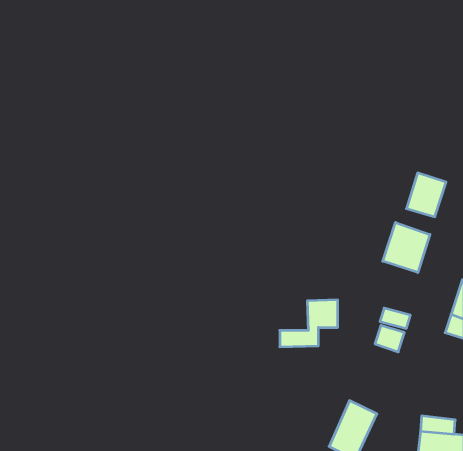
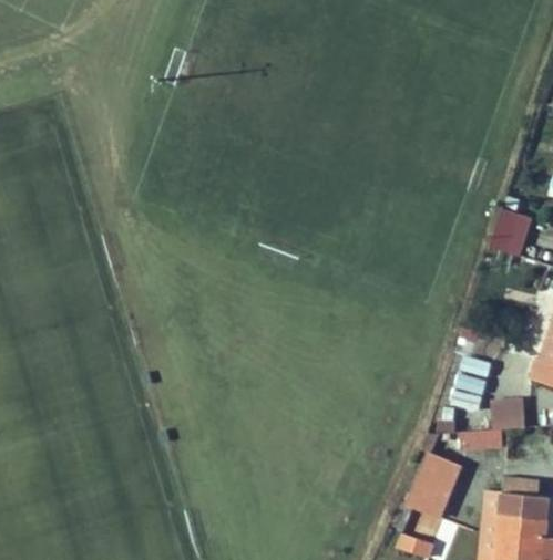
building: [383,222,430,273] -> none
building: [280,300,338,347] -> [462,400,525,450]

